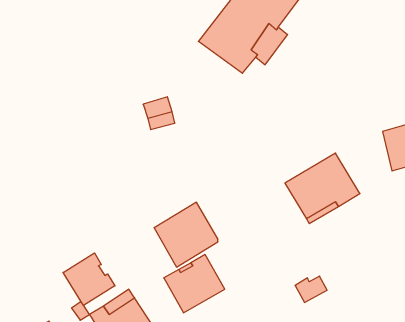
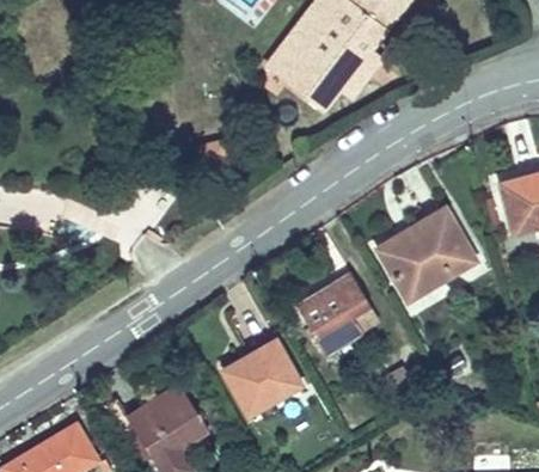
building: [154,202,218,267] -> [296,271,378,354]
building: [63,253,115,305] -> none

